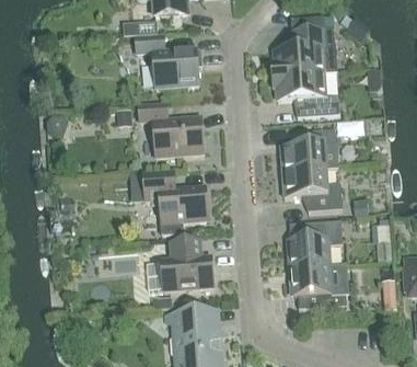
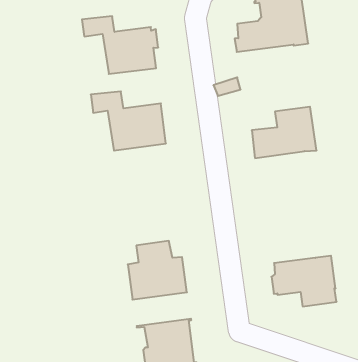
building: [271,72,338,117] -> none
building: [281,169,341,211] -> none
building: [130,171,207,236] -> none
building: [287,221,341,267] -> none

